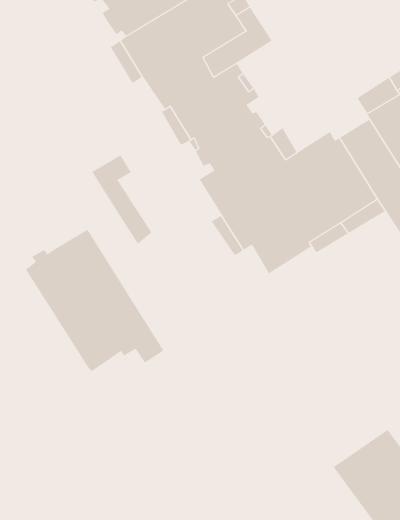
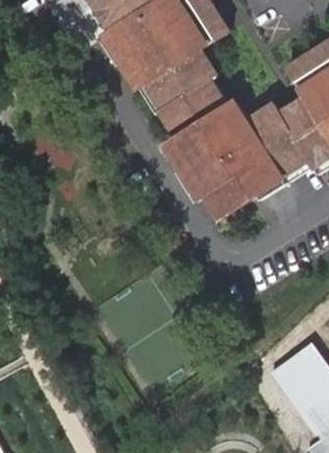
building: [91,154,152,244] -> none
building: [25,229,164,372] -> none

